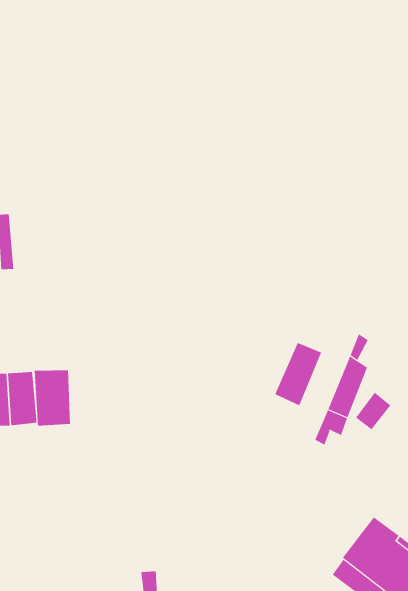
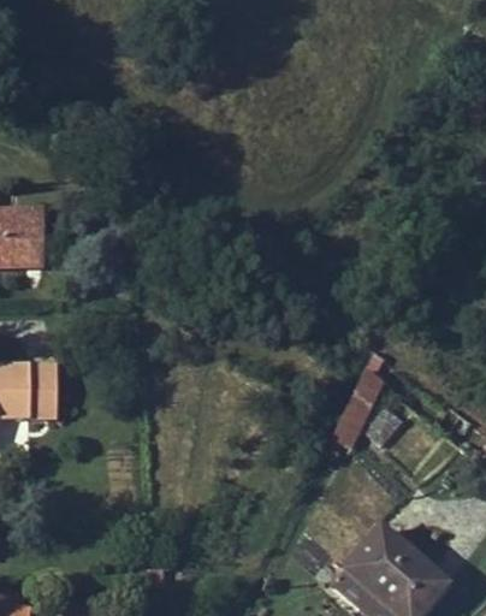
building: [274,342,322,406] -> none
building: [34,369,70,426] -> none

